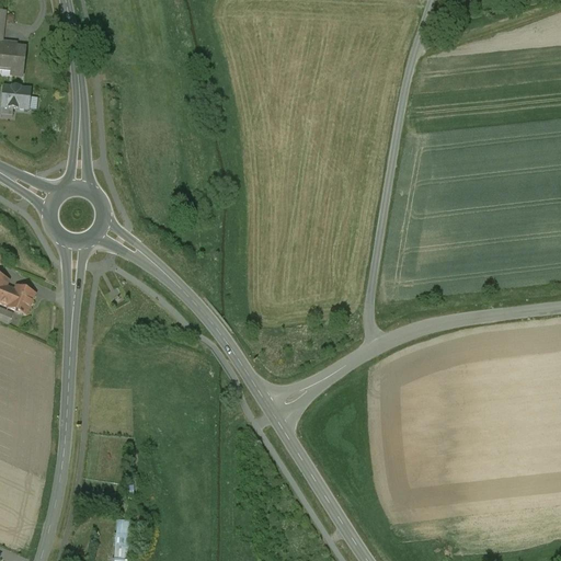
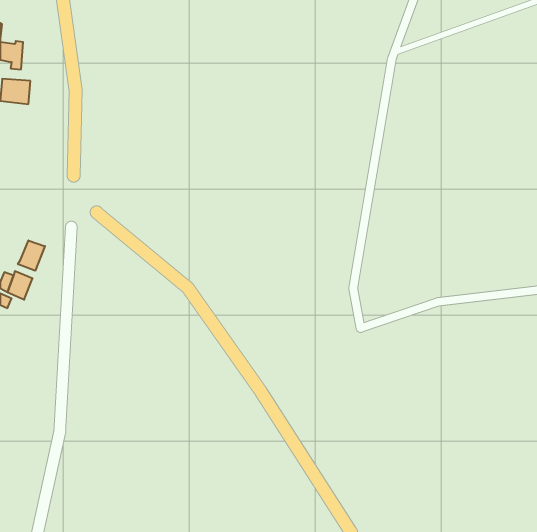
building: none -> [18,240,45,271]

